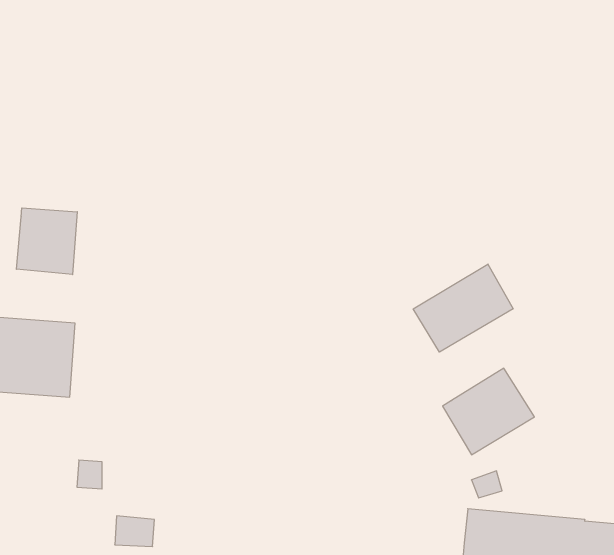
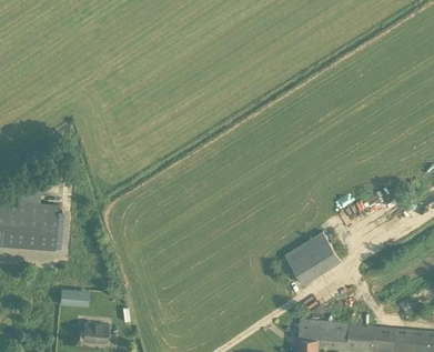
building: [16,208,77,275] -> none
building: [413,264,513,352] -> none

